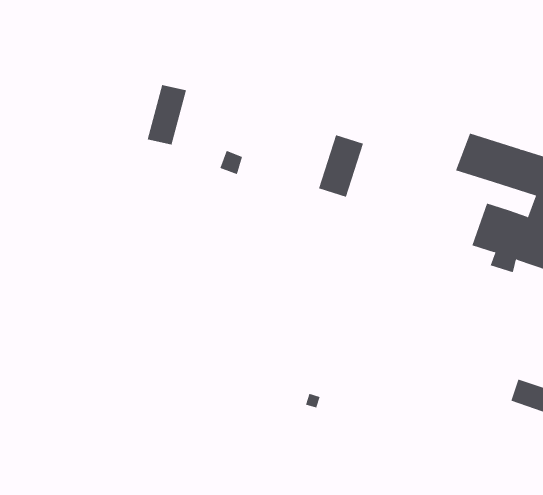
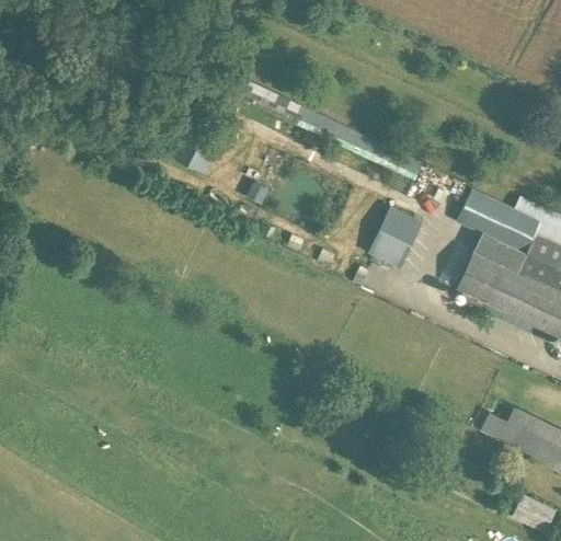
building: [318,134,364,197] -> [374,209,419,266]

